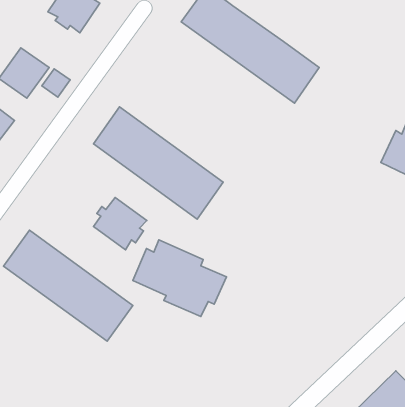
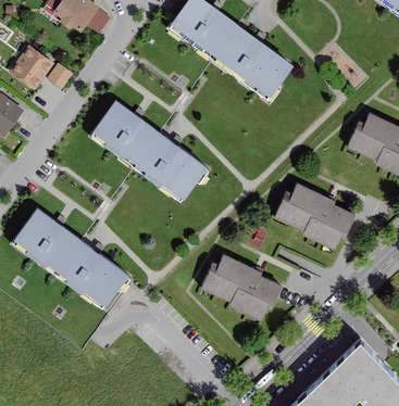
building: [93,197,147,250] -> none
building: none -> [273,183,357,251]
building: [133,240,227,316] -> [201,255,284,322]

